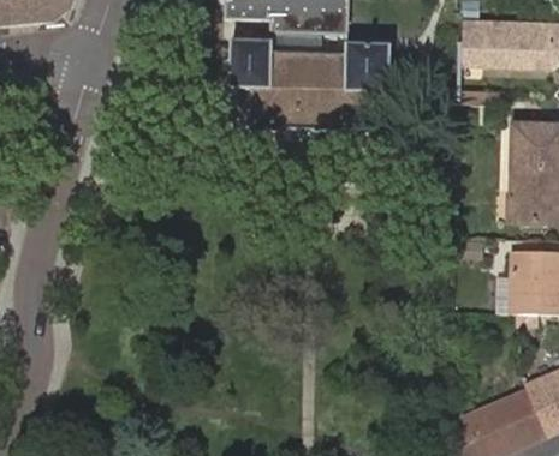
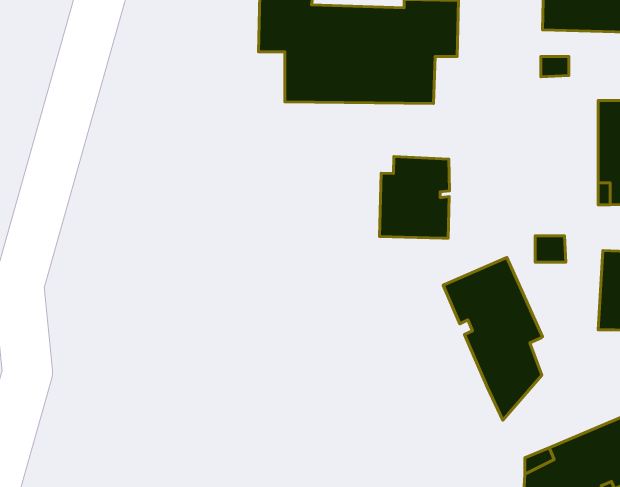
building: none -> [380,157,449,238]
building: none -> [443,257,542,420]

